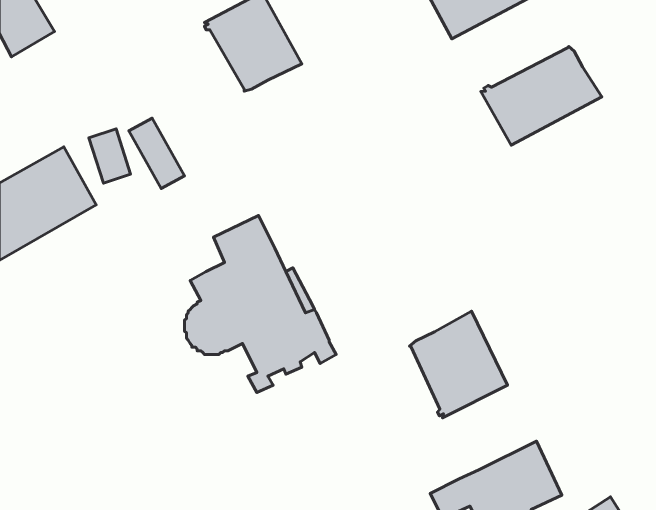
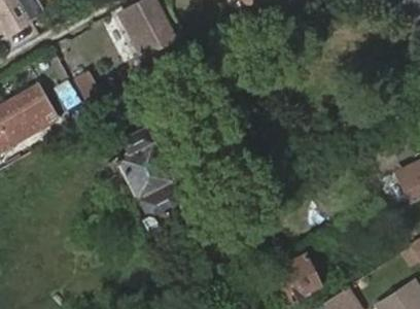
building: [481,46,602,145] -> none
building: [410,311,508,418] -> none

